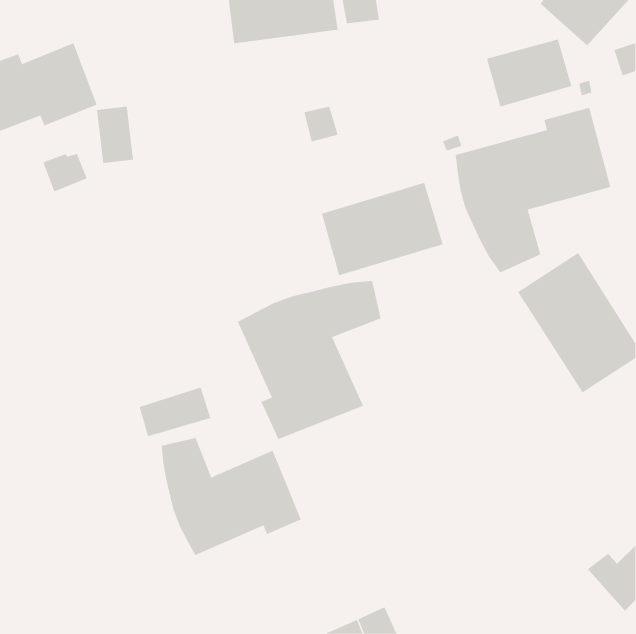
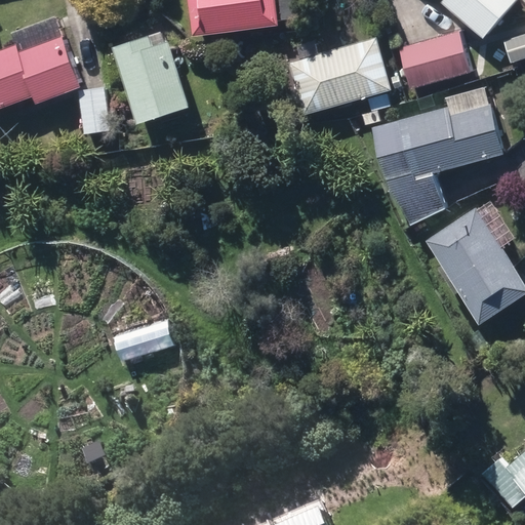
building: none -> [114,38,188,123]
building: [321,182,444,276] -> [290,38,391,115]
building: [237,280,381,440] -> none
building: [161,437,301,556] -> none

